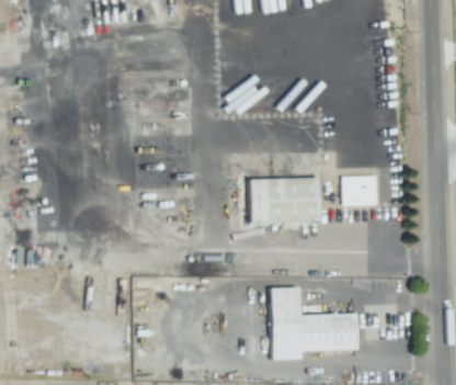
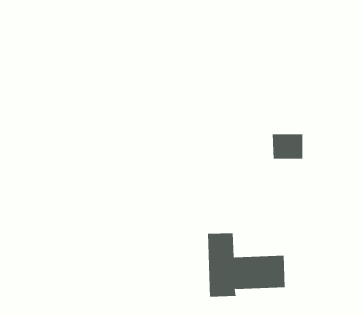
building: [248,178,319,223] -> none

